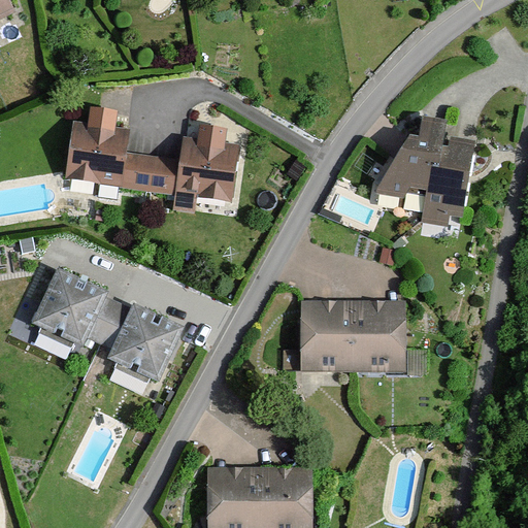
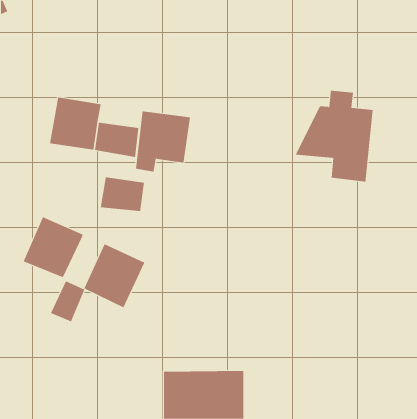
building: none -> [100,177,144,212]
building: [87,298,131,351] -> [50,280,85,322]
building: [300,300,403,370] -> none

